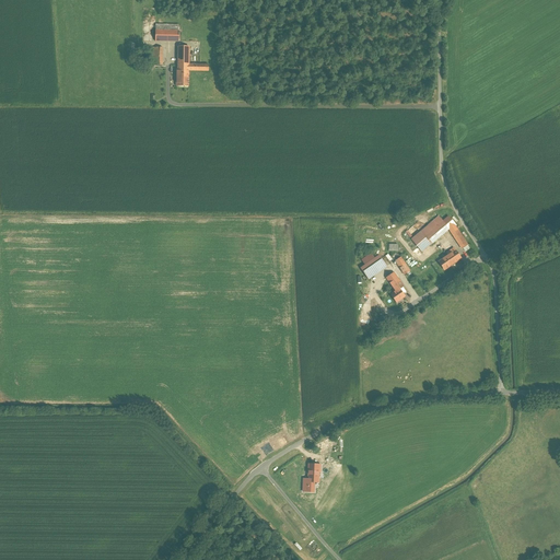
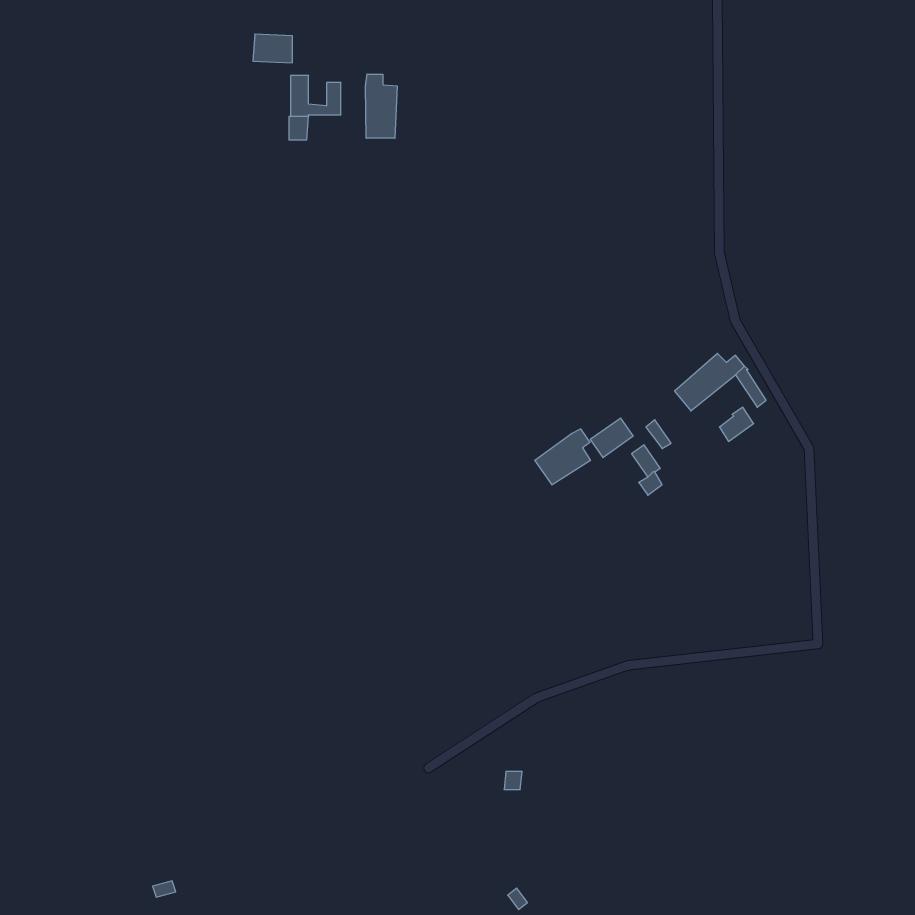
building: none -> [366,74,397,138]
building: none -> [535,429,590,485]

